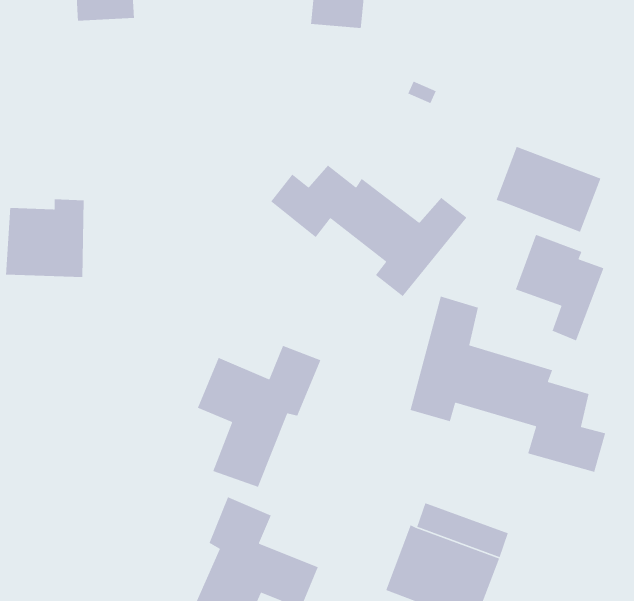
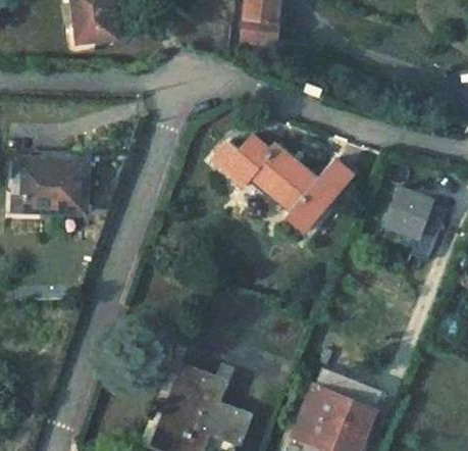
building: [496,146,601,233] -> none
building: [409,296,606,473] -> none
building: [197,345,322,488] -> none

